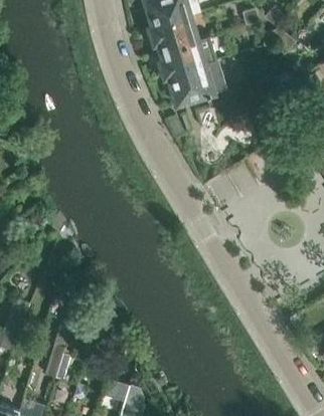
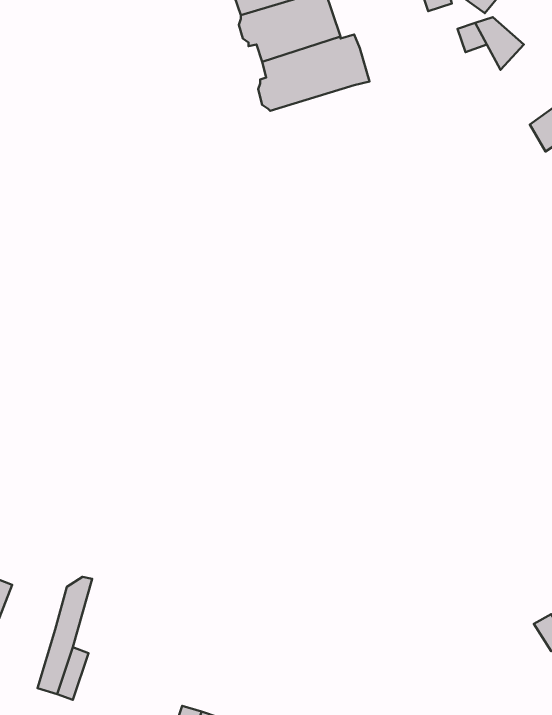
building: [165,64,235,110] -> none

